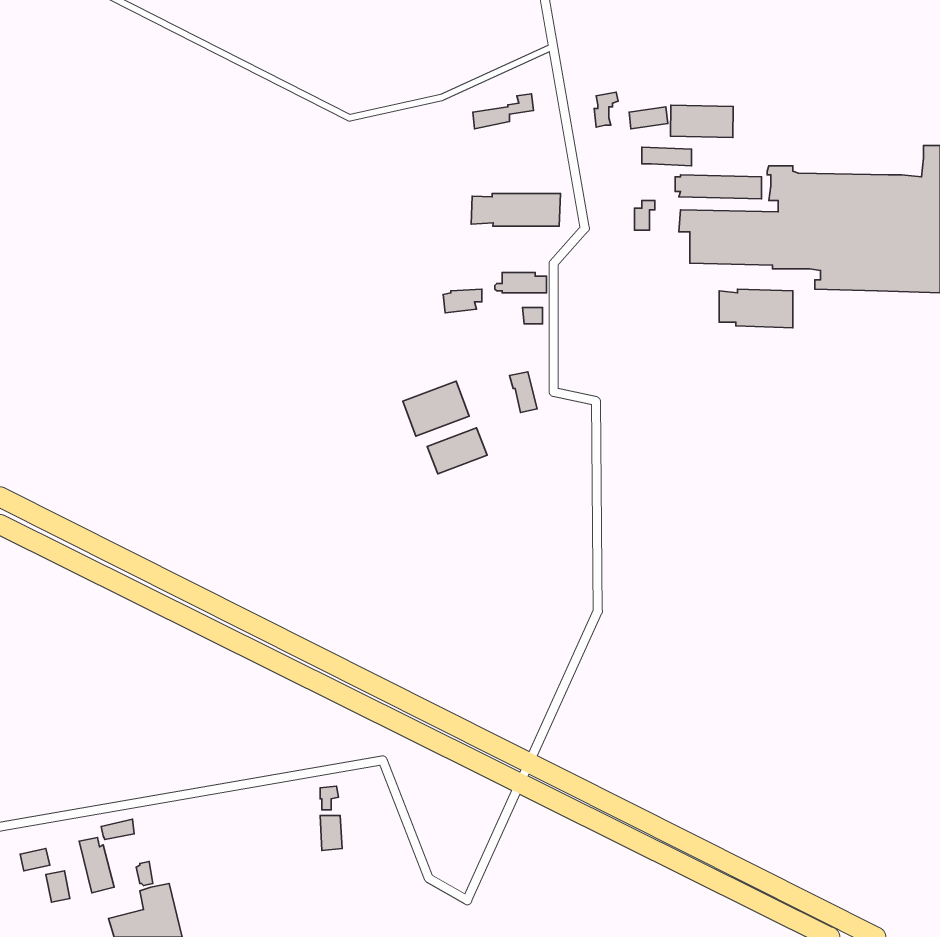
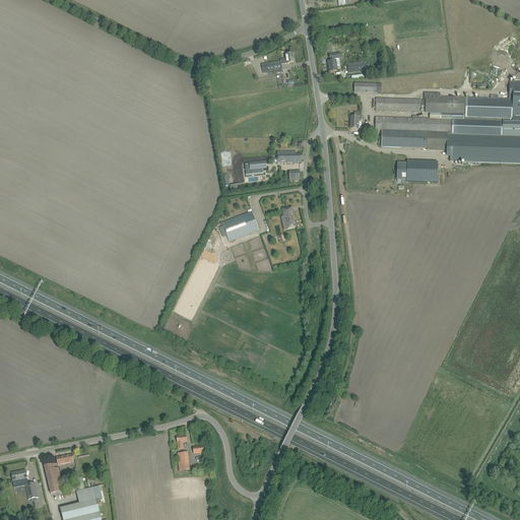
building: [671,105,733,137] -> none
building: [471,194,560,226] -> none
building: [427,428,487,474] -> none

